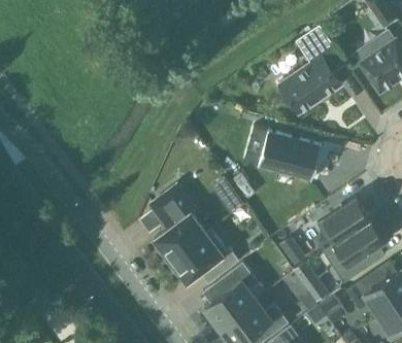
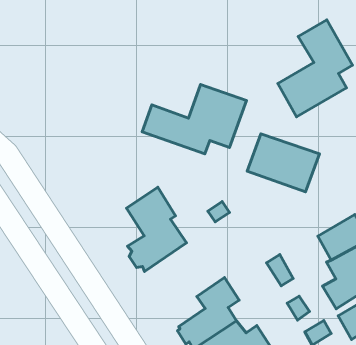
building: none -> [142,85,247,154]
building: [169,231,237,282] -> none

